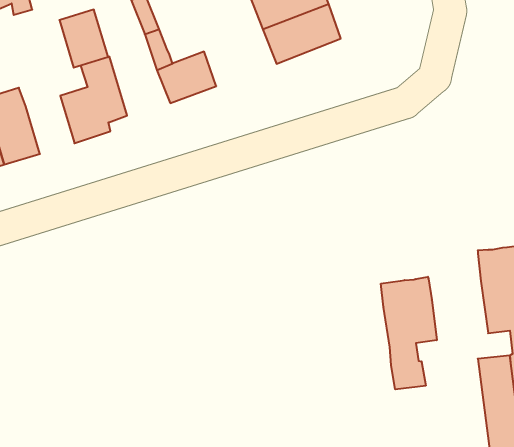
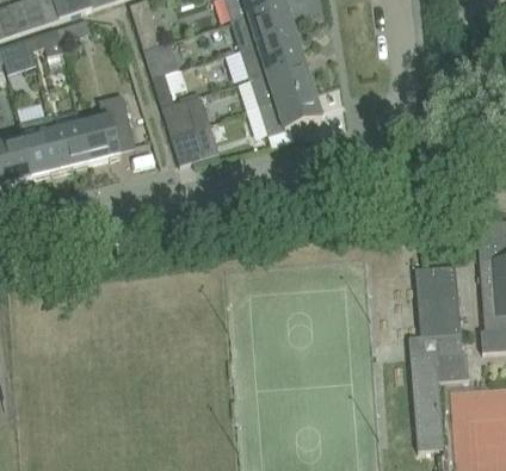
building: [59,10,108,68] -> [53,123,91,169]
building: none -> [259,88,322,136]
building: none -> [171,122,218,163]
building: [381,277,437,389] -> none

